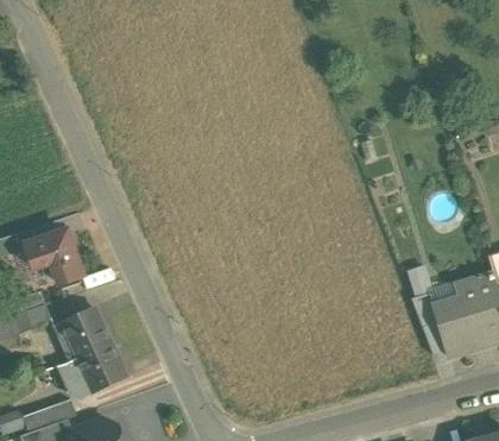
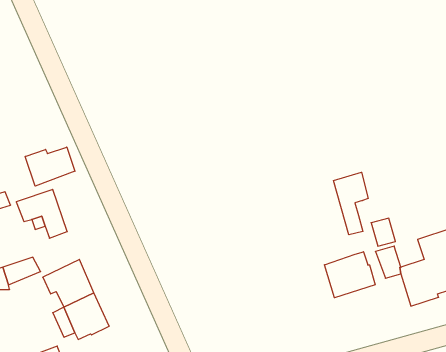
building: none -> [25,147,75,186]
building: none -> [333,172,368,235]
building: none -> [324,252,375,298]

